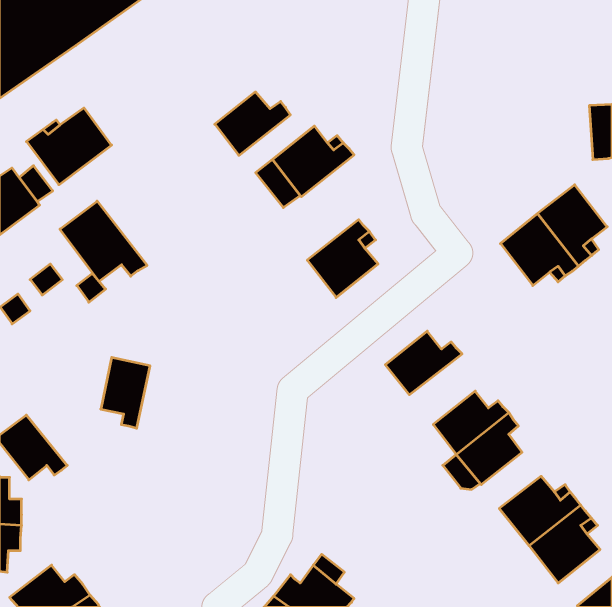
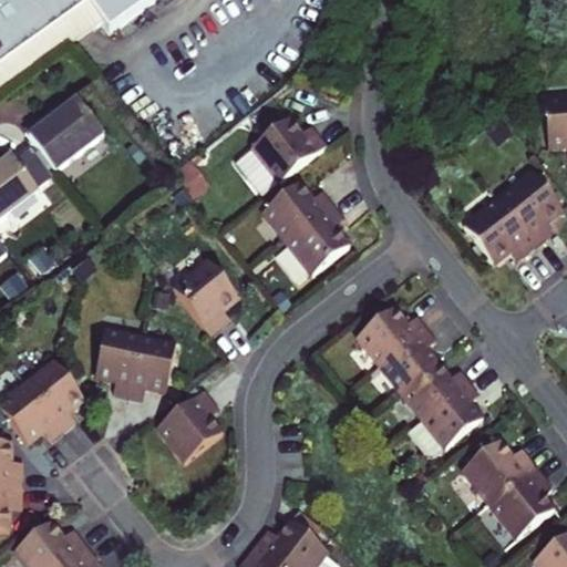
building: [215,92,290,155] -> [261,182,331,240]
building: [60,201,147,282] -> none
building: none -> [171,258,237,333]
building: none -> [378,327,439,392]
building: none -> [126,338,174,399]
building: none -> [24,361,83,430]
building: none -> [157,388,224,461]

